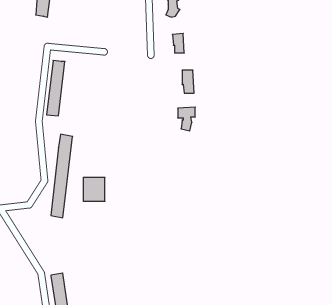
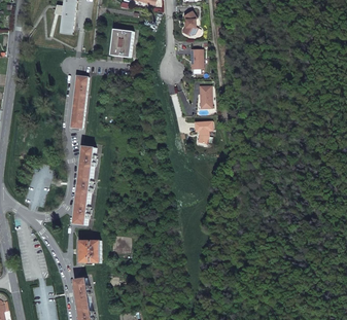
building: none -> [111,29,133,57]
building: [83,177,105,201] -> [79,240,100,262]

